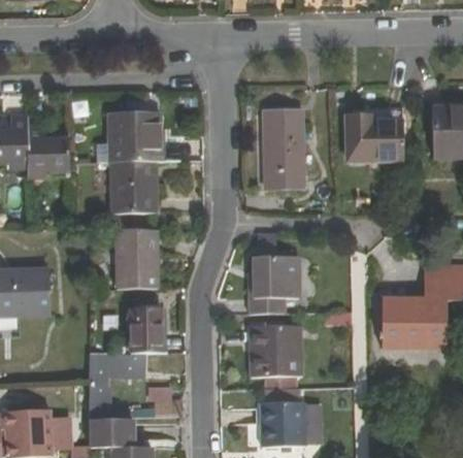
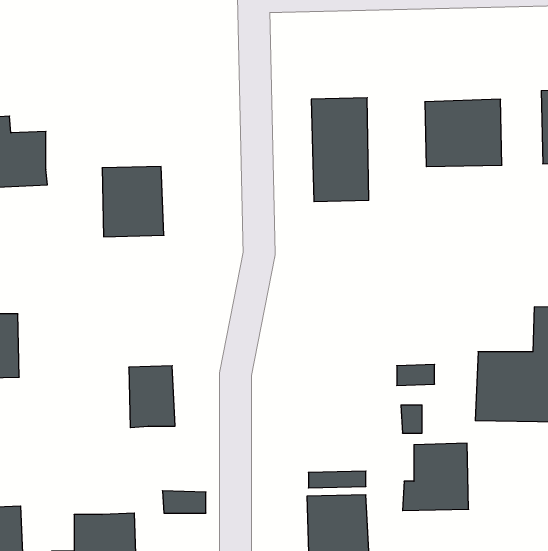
building: [107,114,156,162] -> none
building: [115,230,157,288] -> none
building: [247,257,299,314] -> none
building: [252,325,300,374] -> [403,443,469,511]
building: [89,352,144,417] -> none

